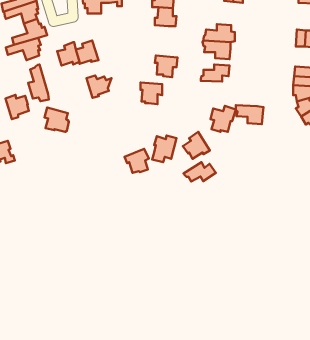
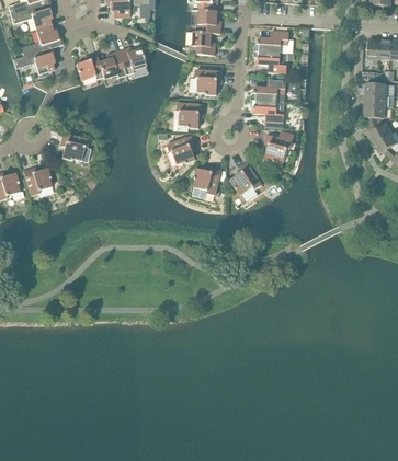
building: none -> [190,31,216,55]
building: [28,65,49,101] -> none
building: [86,76,111,98] -> [118,47,149,74]
building: [6,95,29,119] -> [23,166,52,196]
building: [236,105,264,124] -> [251,100,285,123]
building: [125,149,149,173] -> [167,135,196,164]
building: [184,162,216,182] -> none

